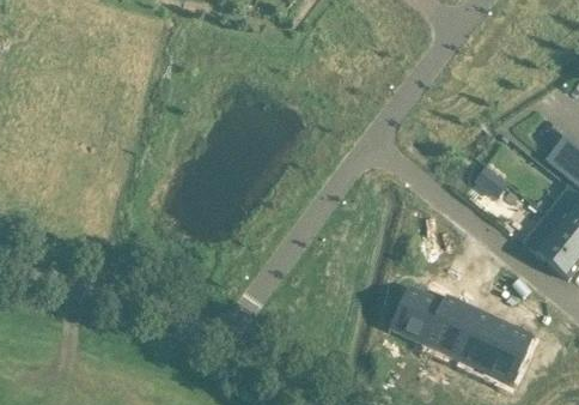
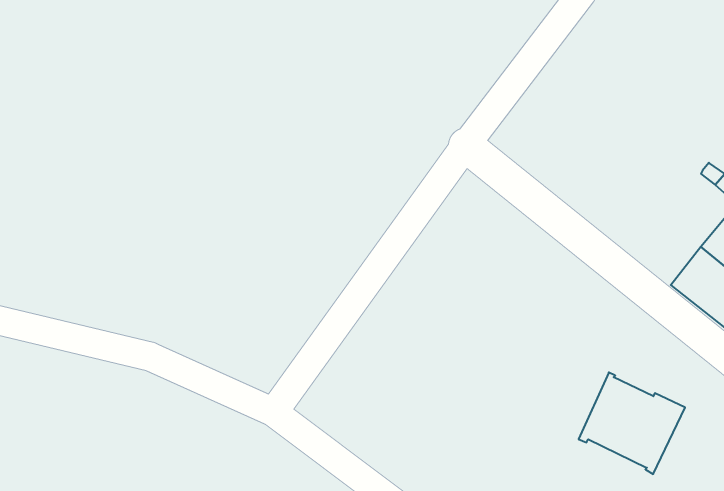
building: [390,283,463,349] -> none

